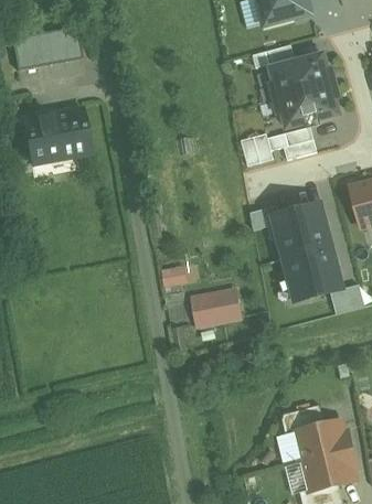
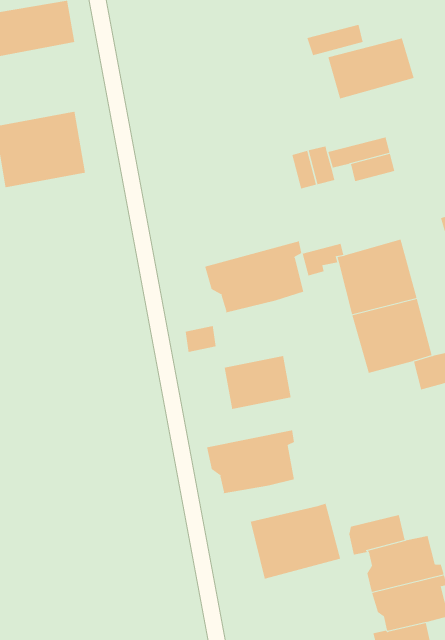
building: [275,84,338,129] -> none
building: none -> [205,241,304,314]
building: none -> [207,430,295,494]
building: none -> [250,503,341,579]

